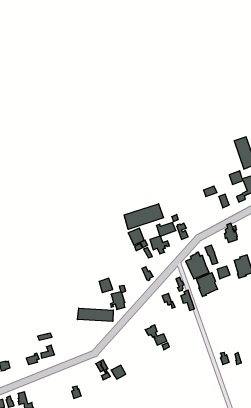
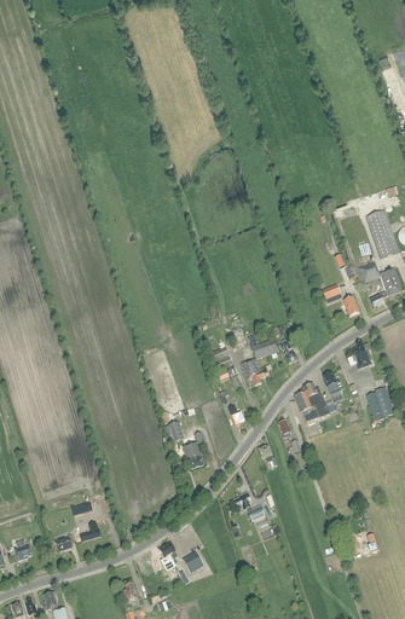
building: [124,204,163,229] -> none
building: [196,273,218,297] -> none
building: [77,308,113,321] -> none

